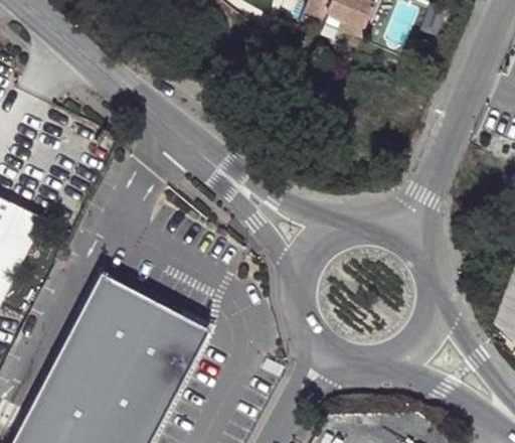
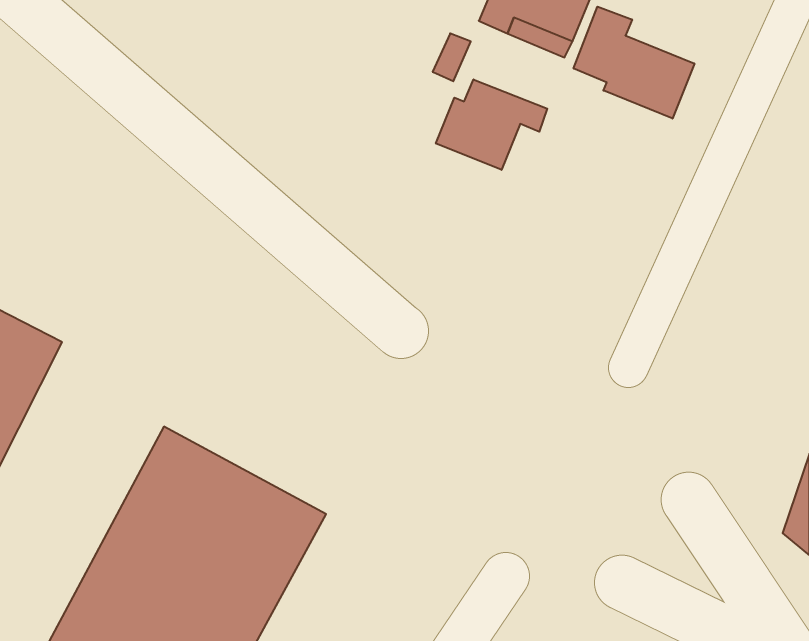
building: none -> [574,7,694,119]
building: none -> [436,79,547,170]

